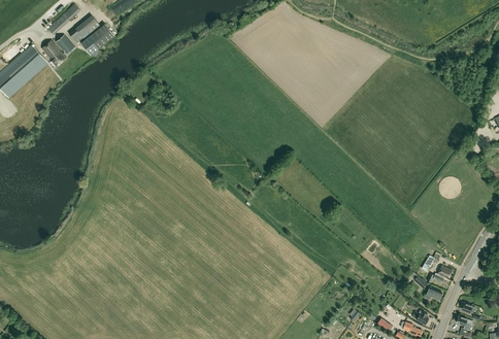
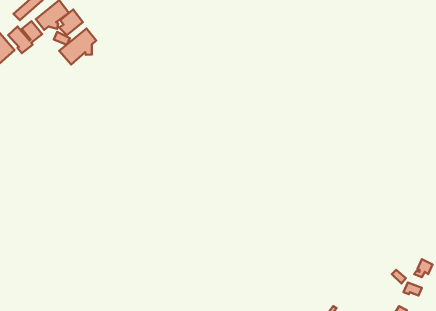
building: none -> [59,29,96,64]

